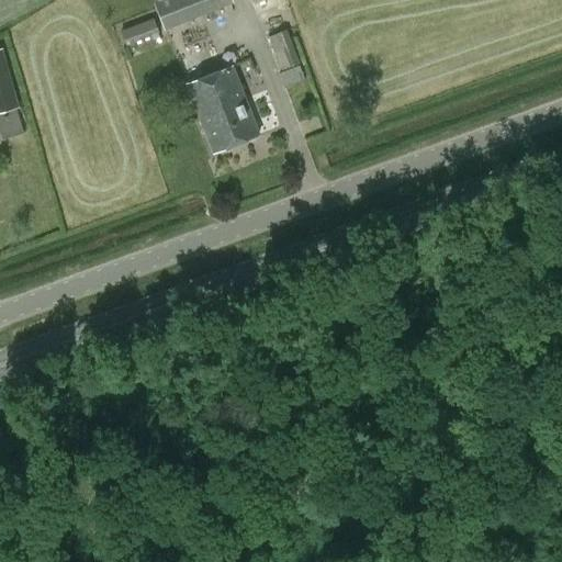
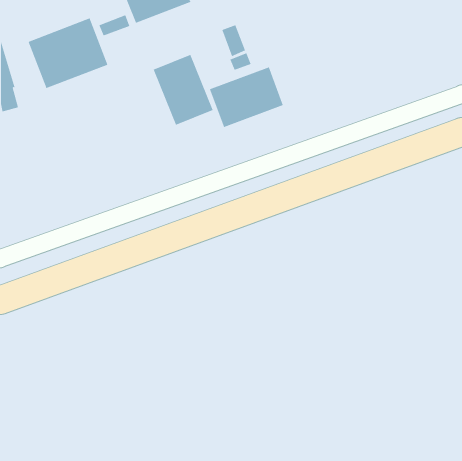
building: none -> [28,17,108,89]
building: none -> [209,66,284,128]

